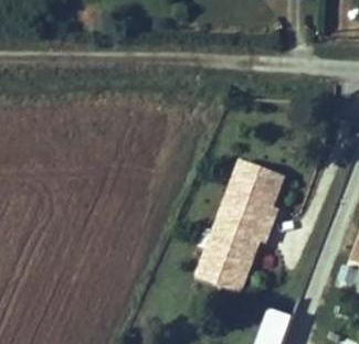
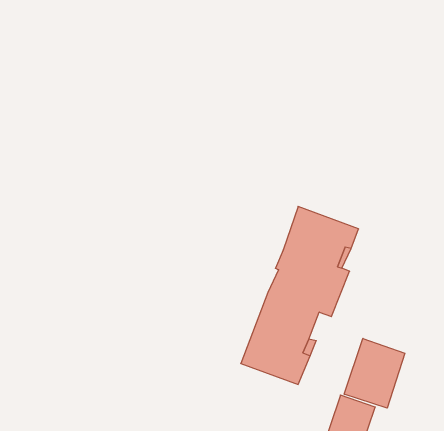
building: none -> [344,338,405,408]

